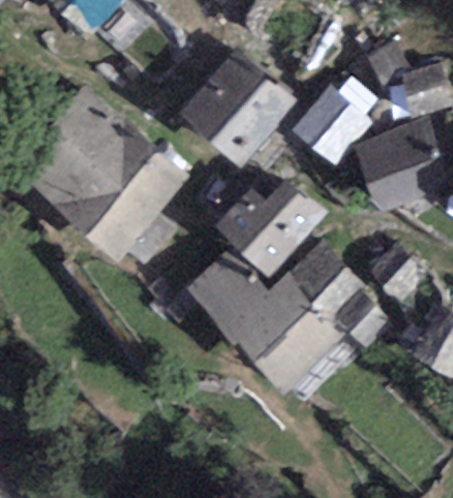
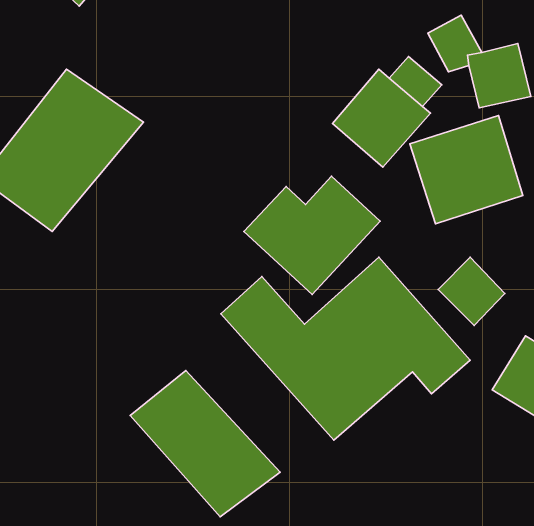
building: [177,55,292,169] -> none
building: [64,132,190,263] -> none
building: none -> [130,370,280,517]

